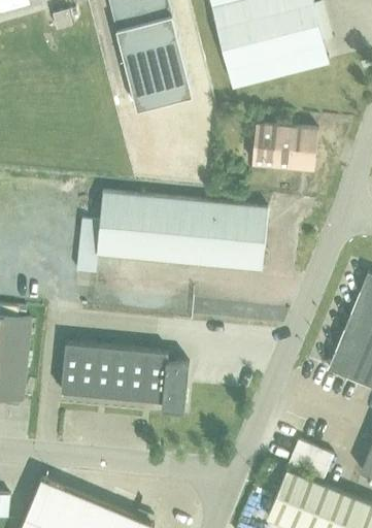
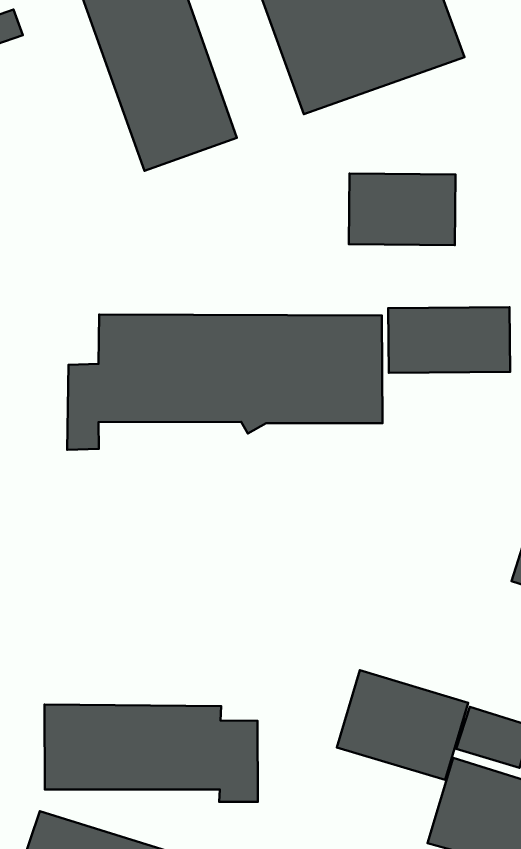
building: none -> [388,307,510,373]
building: [61,343,189,411] -> [44,705,258,802]
building: none -> [337,670,468,780]

